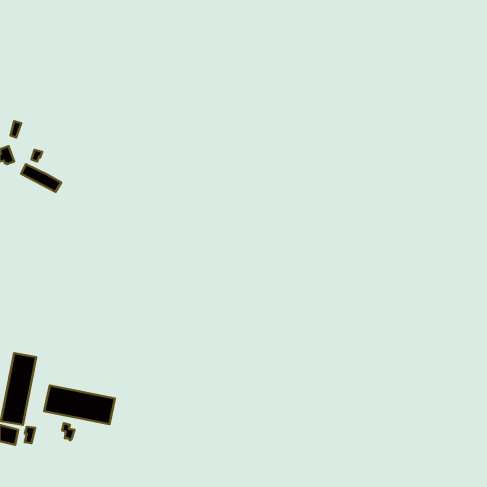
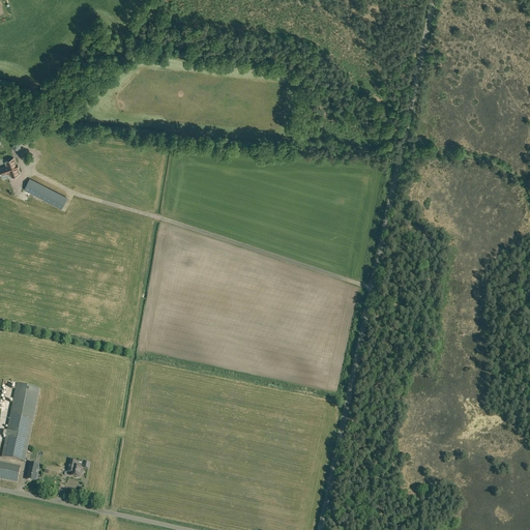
building: [44,386,115,424] -> none

